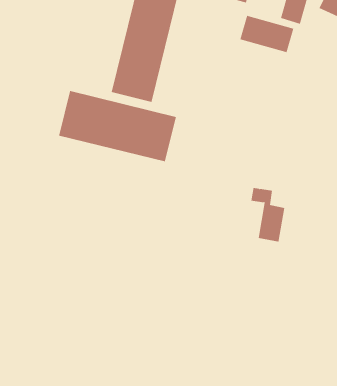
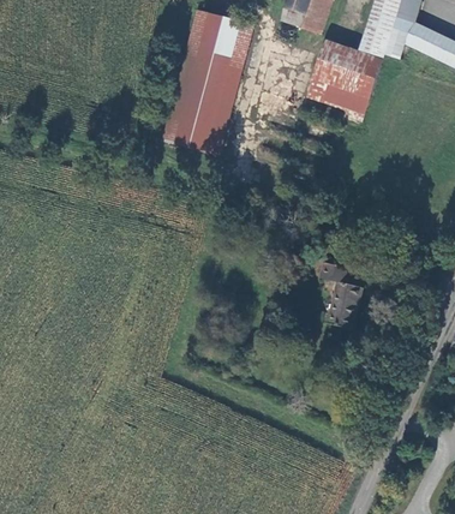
building: none -> [306,78,369,115]
building: [59,90,176,162] -> none

